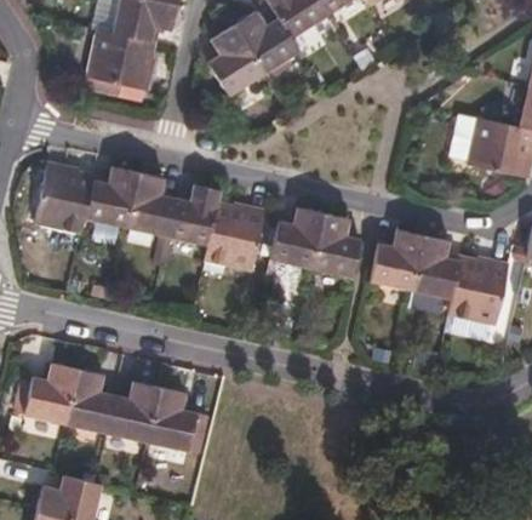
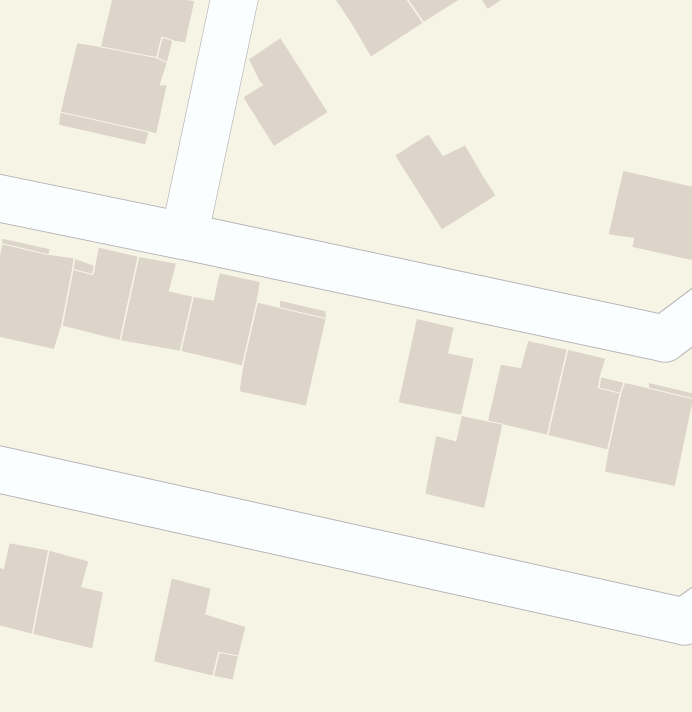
building: [233,12,301,76] -> [394,133,496,230]
building: [270,207,322,269] -> [425,415,503,508]
building: [108,381,160,441] -> none

